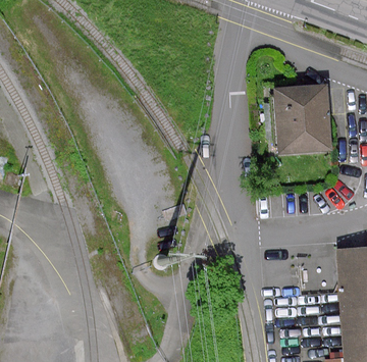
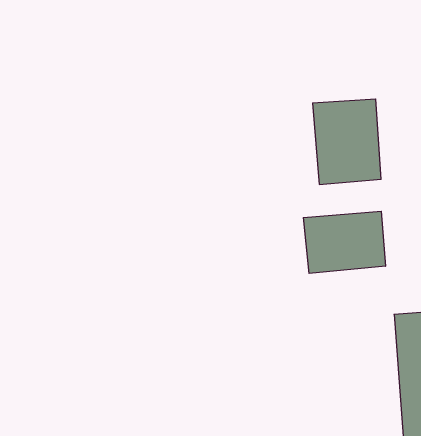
building: none -> [303,211,385,273]

